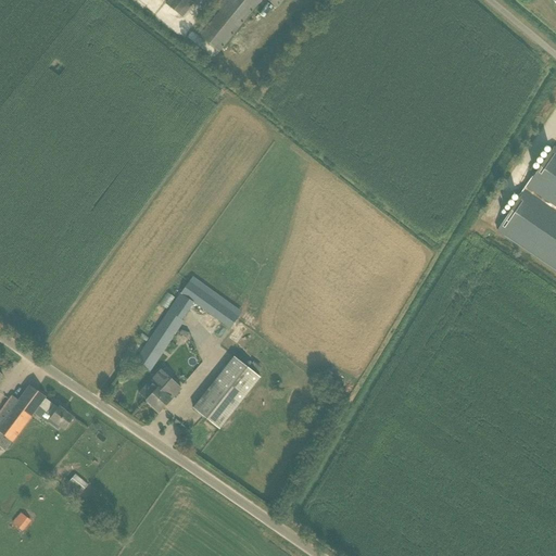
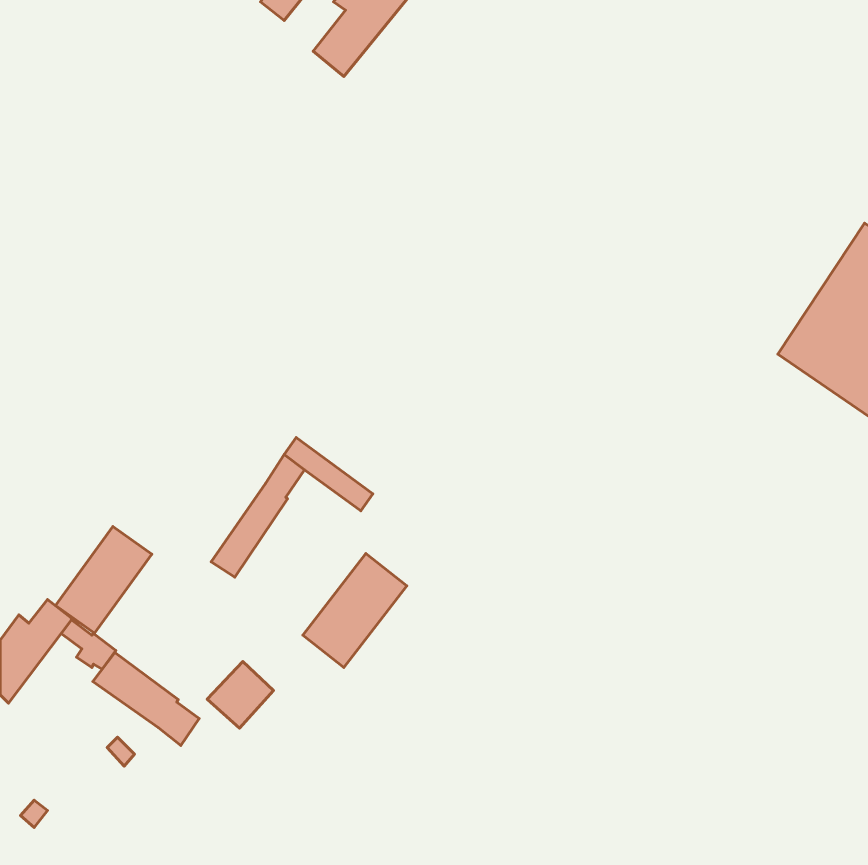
building: none -> [55,527,152,633]
building: [140,367,182,409] -> [207,662,274,728]
building: none -> [93,652,199,745]

